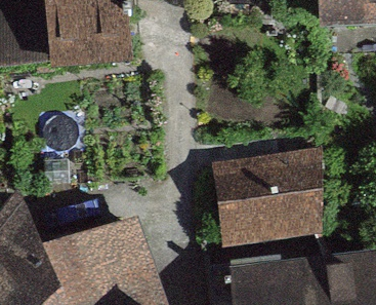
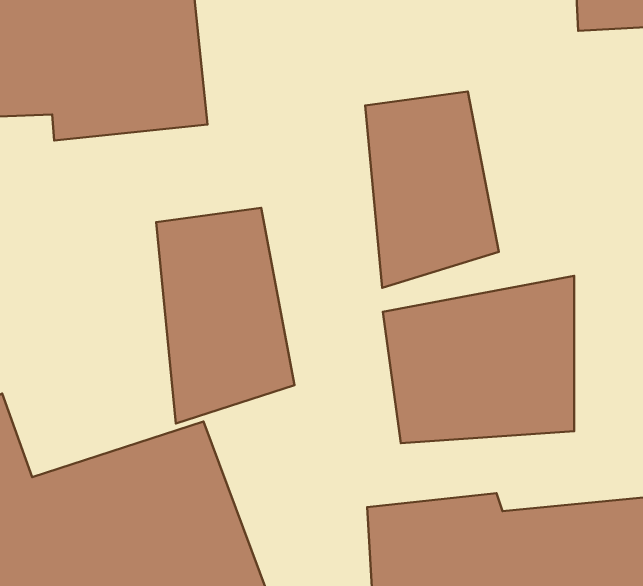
building: none -> [365,92,499,288]
building: none -> [156,208,295,423]

